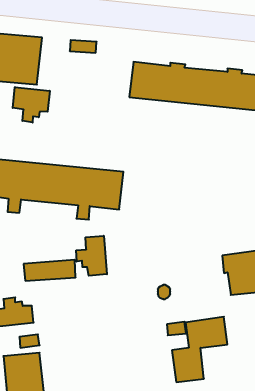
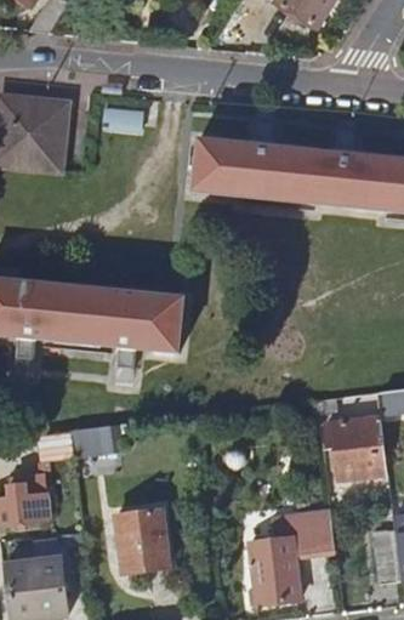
building: [13,87,50,123] -> none
building: [76,236,107,276] -> none
building: none -> [119,508,171,571]

